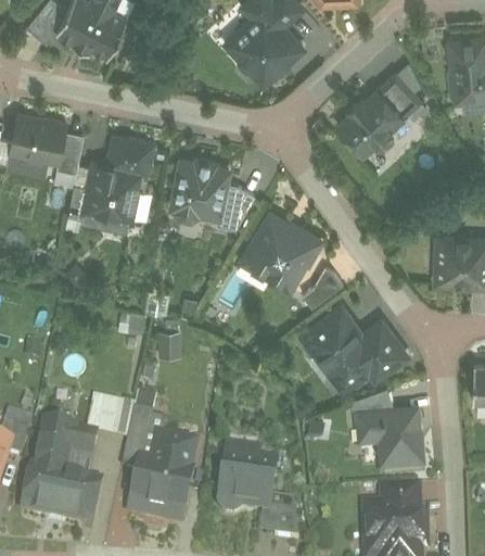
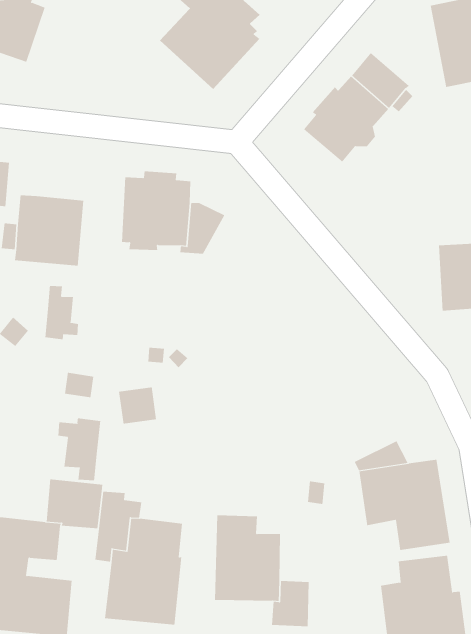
building: [110,130,159,172] -> none
building: [237,211,318,295] -> none
building: none -> [45,285,78,340]
building: [299,269,339,309] -> none
building: [295,304,407,396] -> none
building: none -> [58,417,101,481]

